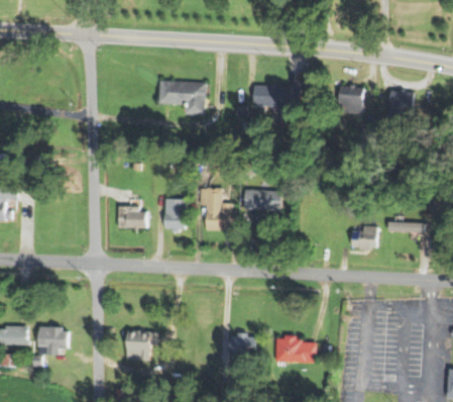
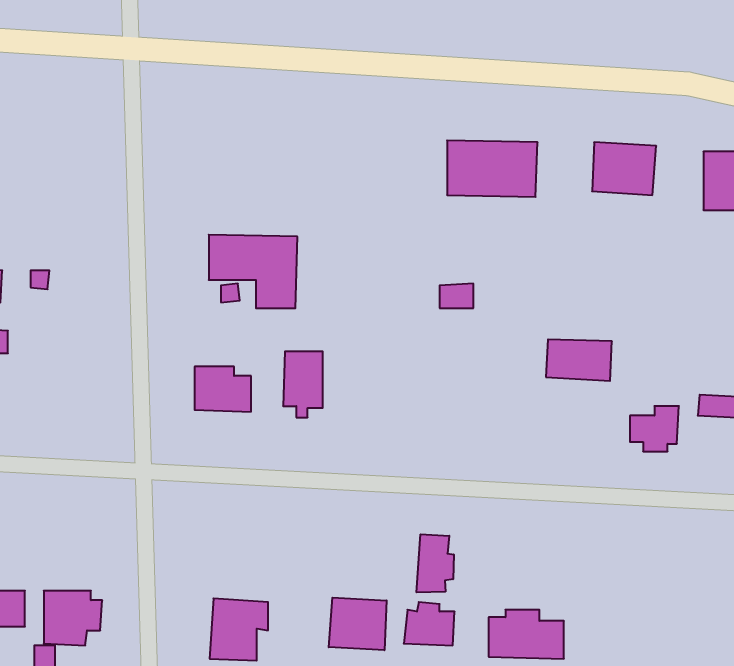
building: [159,78,207,117] -> [209,235,297,308]
building: [199,188,238,230] -> none
building: [246,188,281,210] -> [546,339,612,381]
building: none -> [417,534,454,592]
building: none -> [329,598,387,650]

